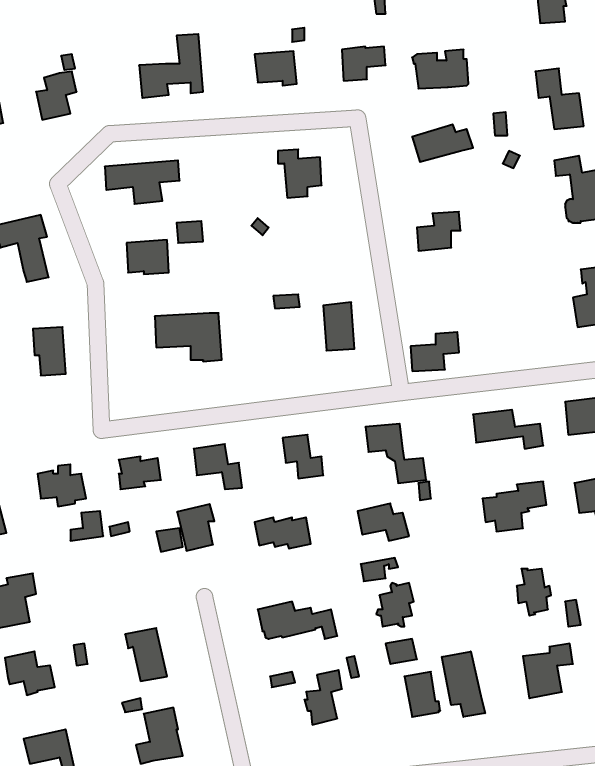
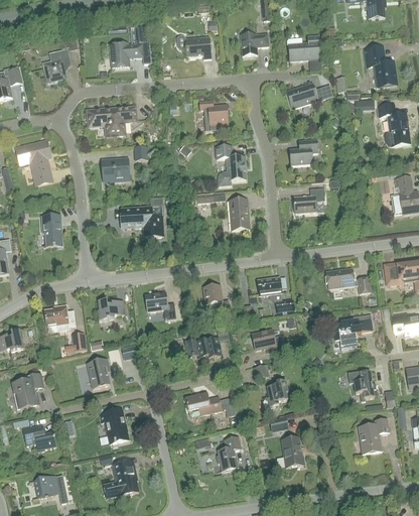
building: none -> [216,145,245,185]
building: [411,332,459,371] -> [293,186,324,212]
building: [177,504,214,551] -> [86,357,110,387]
building: [442,651,485,717] -> none

